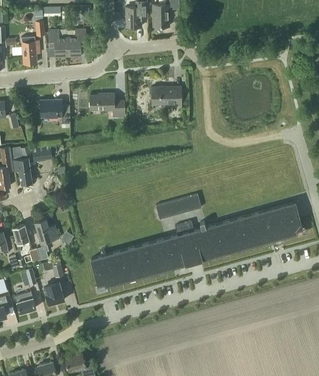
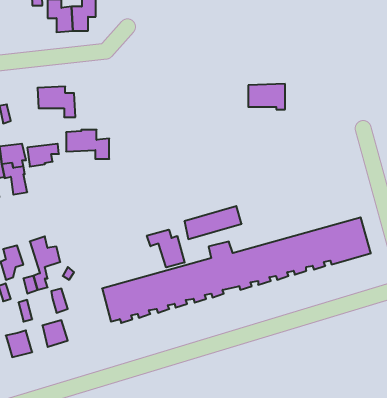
building: [21,37,39,64] -> none
building: [152,87,181,107] -> [248,84,285,109]
building: [90,94,124,117] -> [66,130,109,159]
building: none -> [147,230,185,267]

